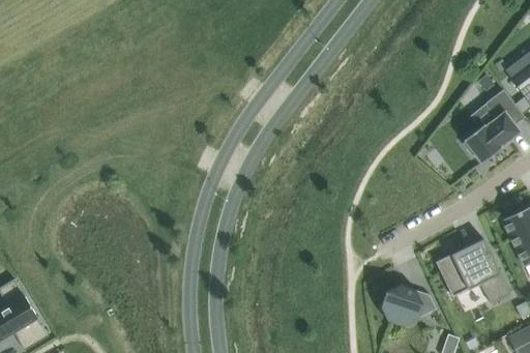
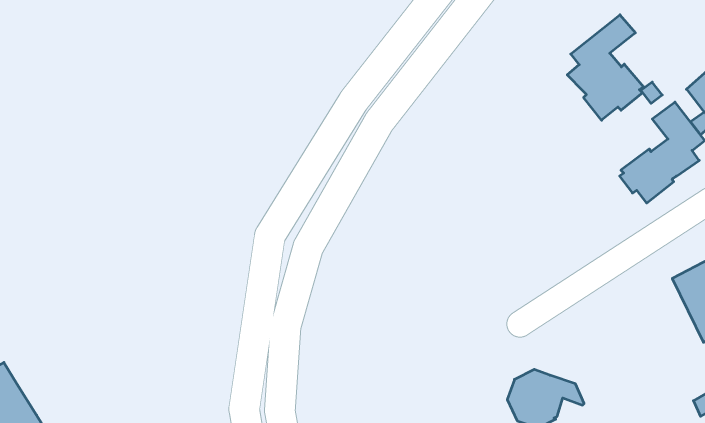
building: none -> [567,15,644,120]
building: [436,239,511,304] -> none

